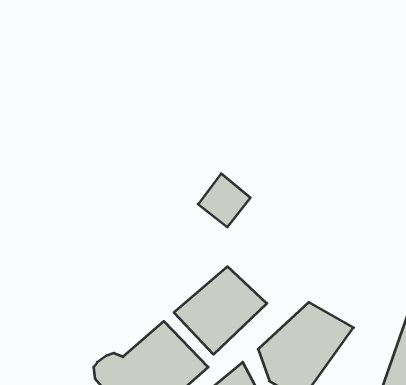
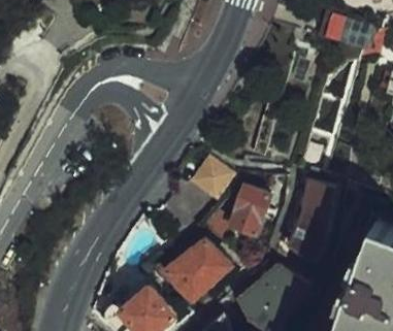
building: none -> [284,186,334,263]
building: none -> [227,192,268,234]

